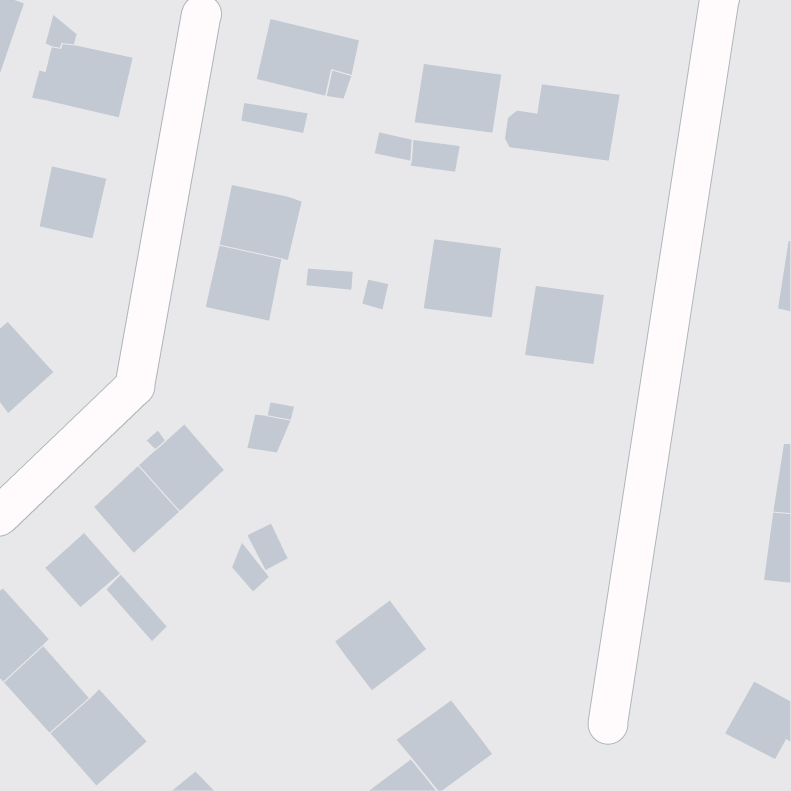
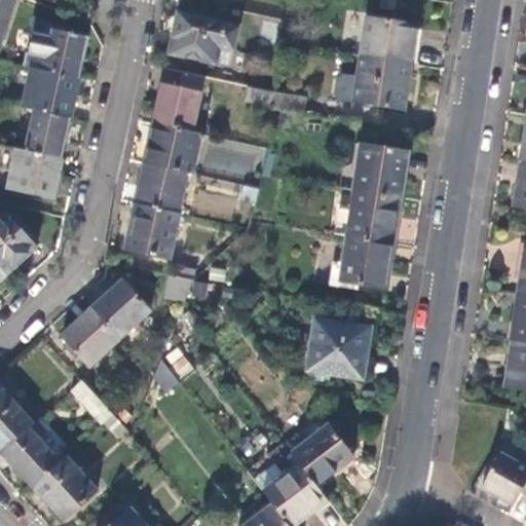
building: [414,63,502,133] -> [359,16,417,63]
building: none -> [22,67,79,118]
building: none -> [153,83,200,130]
building: none -> [8,148,62,197]
building: [423,239,502,318] -> [354,143,407,195]
building: none -> [125,203,179,258]
building: none -> [340,235,393,287]
building: none -> [307,317,369,374]
building: [45,532,121,608] -> none
building: [334,600,427,691] -> [292,425,353,486]

